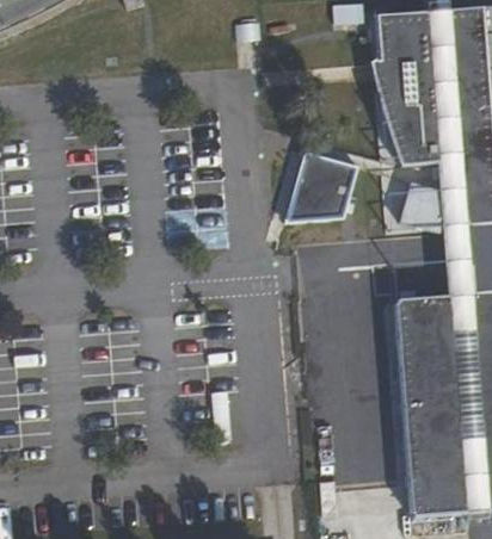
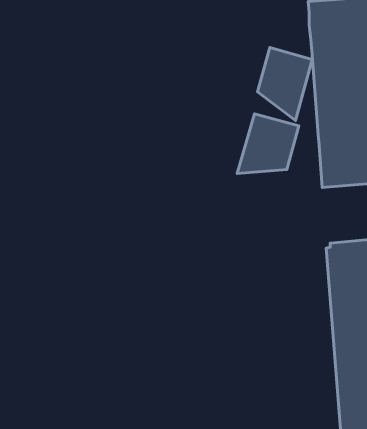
building: none -> [257,47,312,121]

